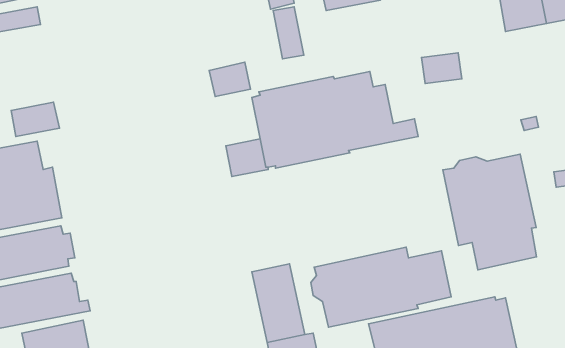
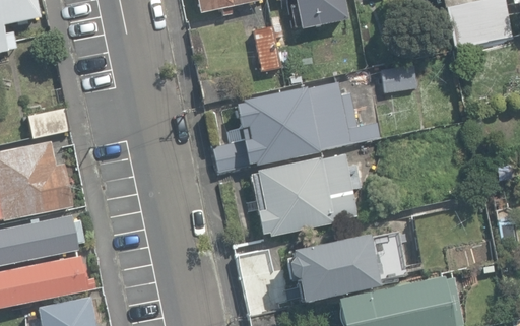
building: [443,154,536,270] -> none
building: none -> [251,154,361,237]

